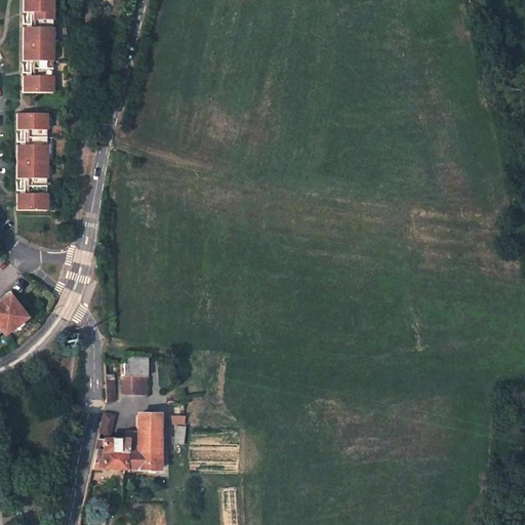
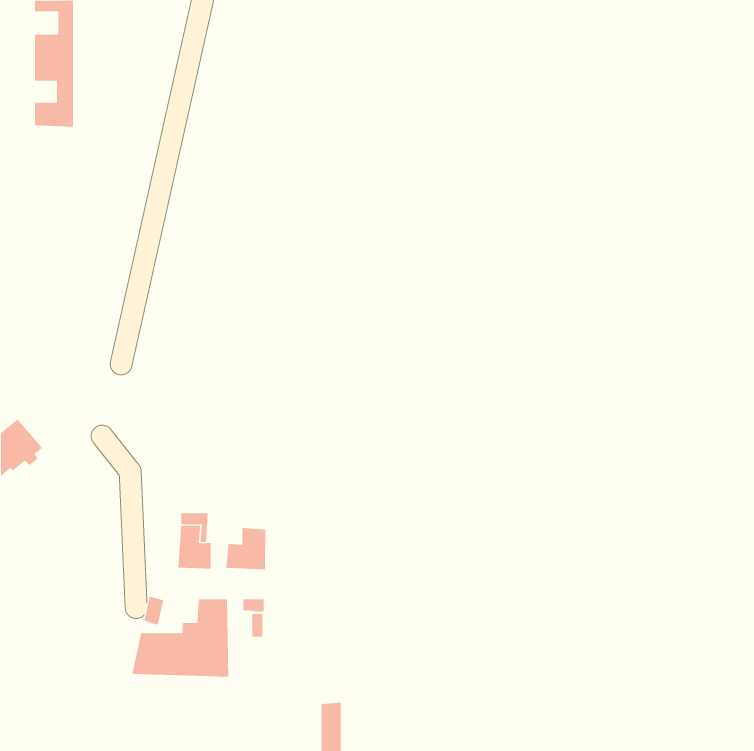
building: [19,112,48,205] -> none
building: none -> [226,527,266,570]

